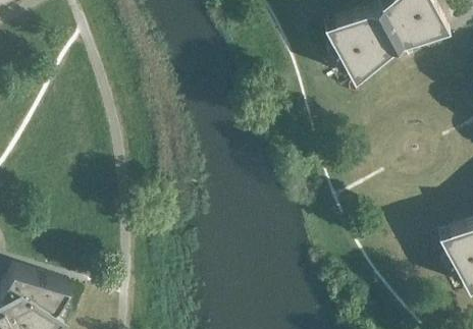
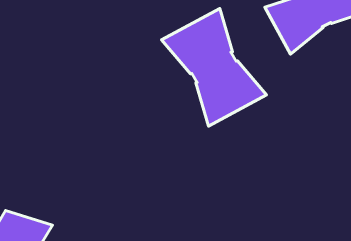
building: none -> [162,9,266,126]

